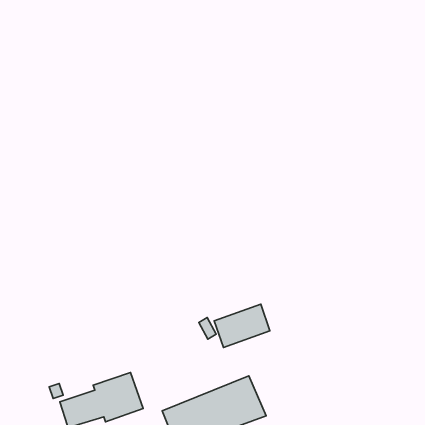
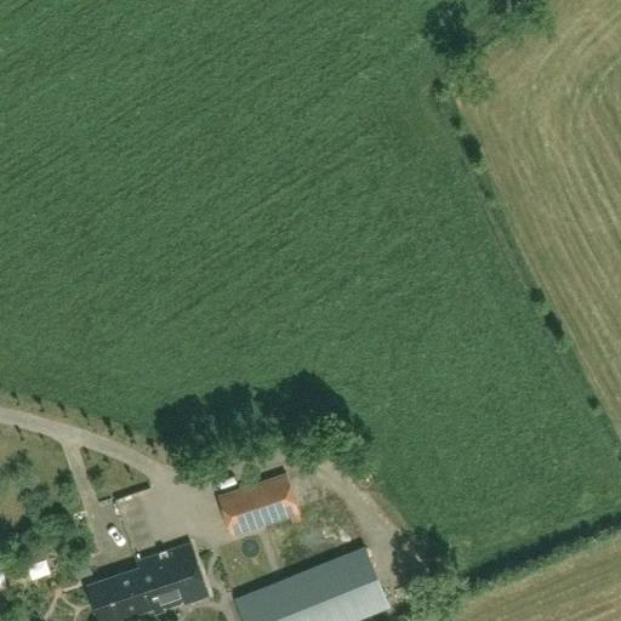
building: [214,304,270,348] -> [217,473,298,536]

